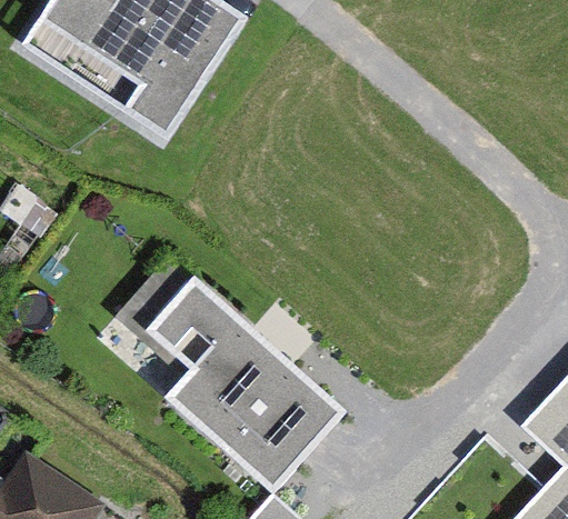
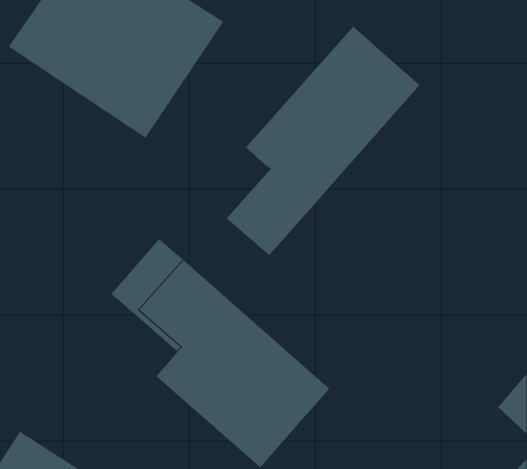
building: none -> [226,26,420,256]

